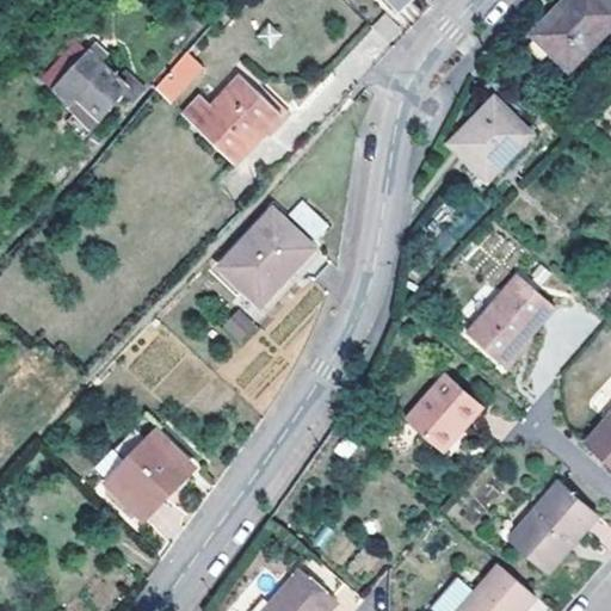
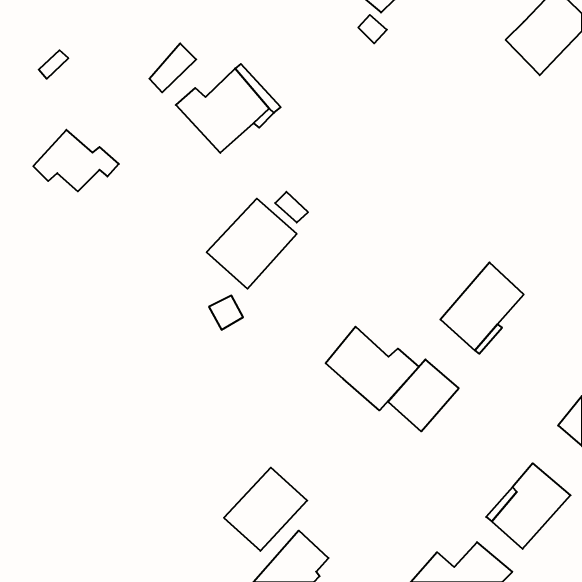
building: [56,53,146,117] -> [33,130,119,191]
building: [445,106,525,186] -> none
building: none -> [326,327,419,410]
building: [110,432,197,519] -> [224,468,307,551]

